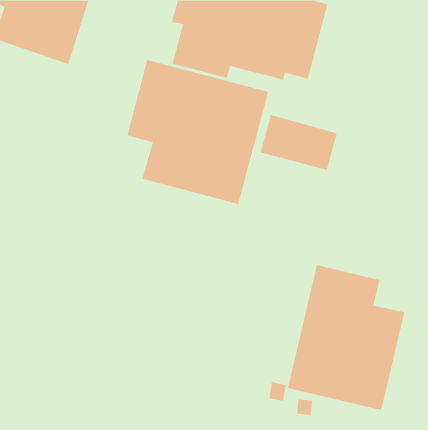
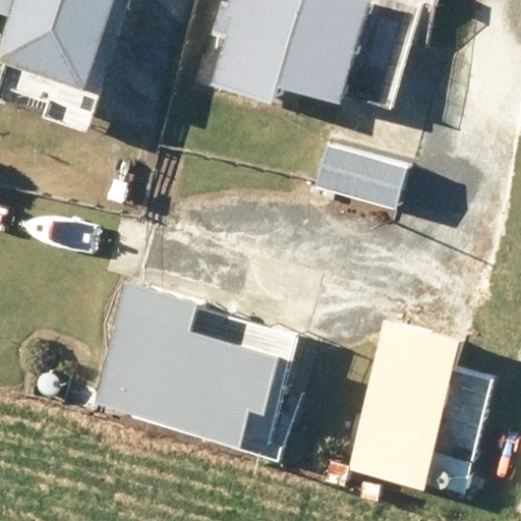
building: [127,59,269,205] -> none
building: none -> [95,281,281,444]

